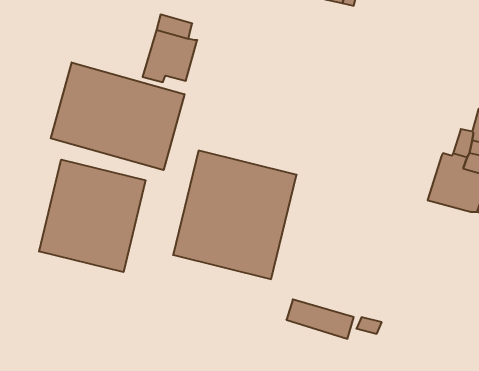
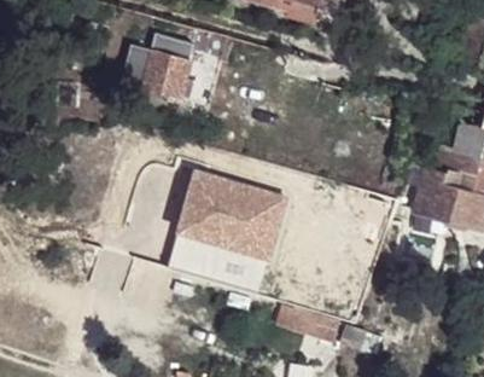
building: [51,62,184,170] -> none
building: [39,160,146,272] -> none

